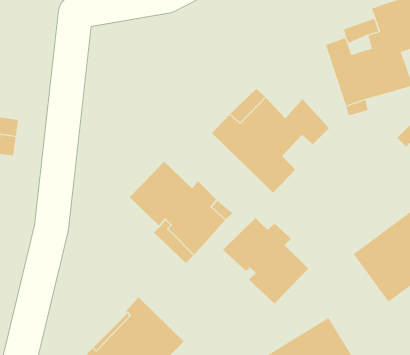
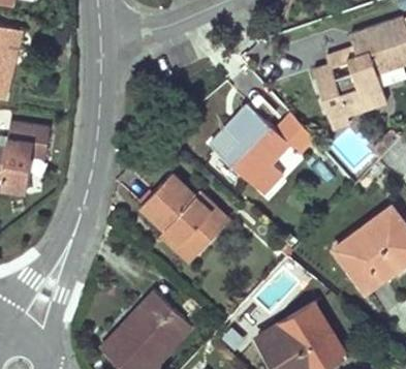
building: [222,217,309,305] -> none

